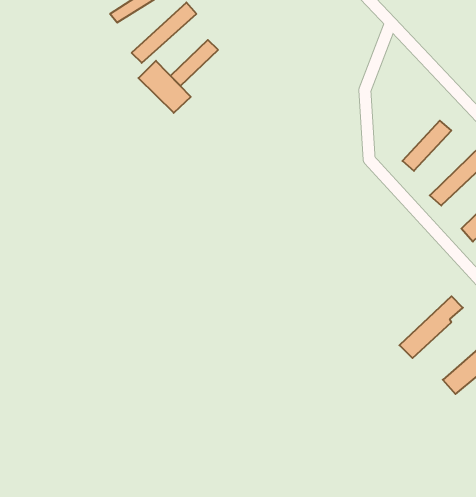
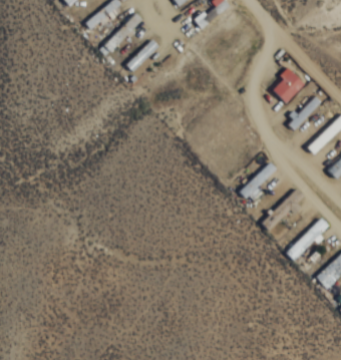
building: [138,61,191,113] -> none
building: none -> [273,67,305,102]
building: none -> [239,161,277,202]

